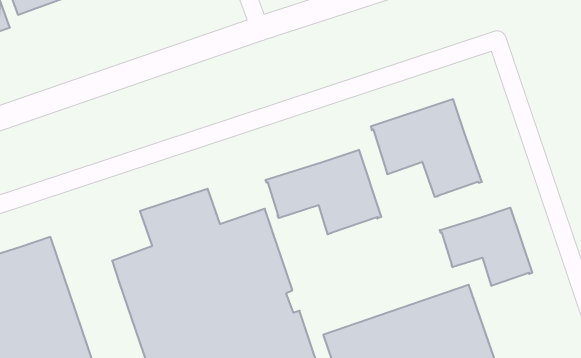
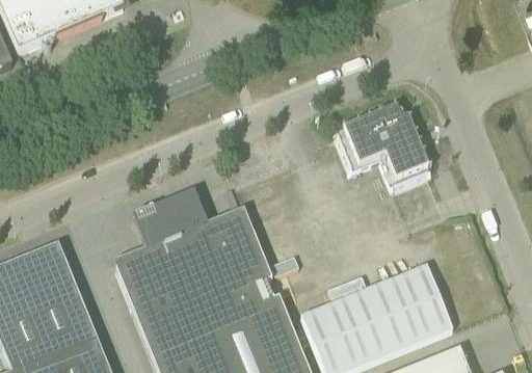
building: [265,150,381,234] -> none
building: [440,208,532,286] -> none

